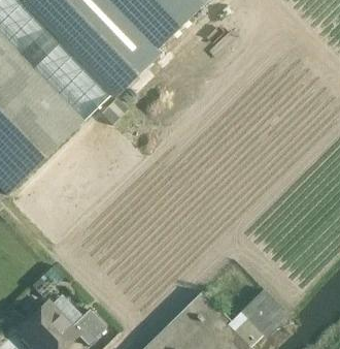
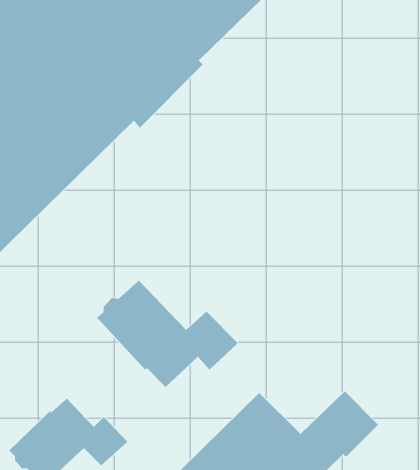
building: none -> [96,280,239,388]

